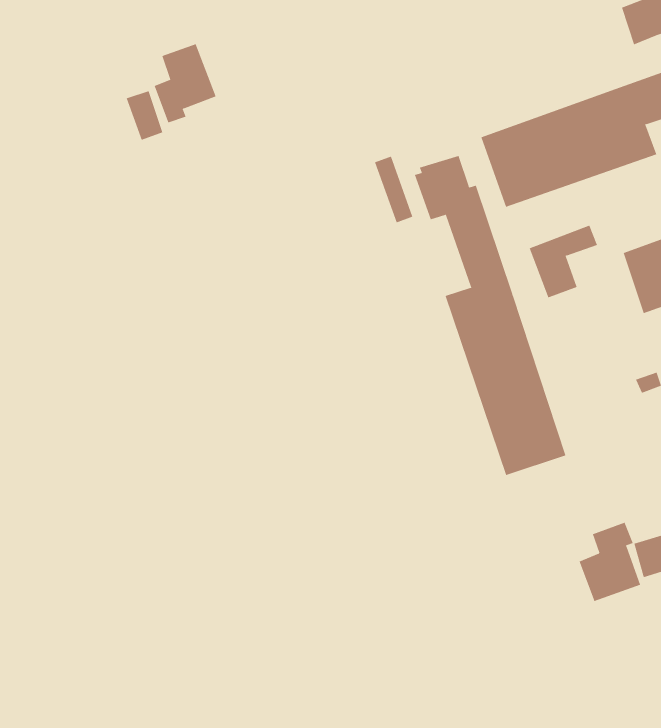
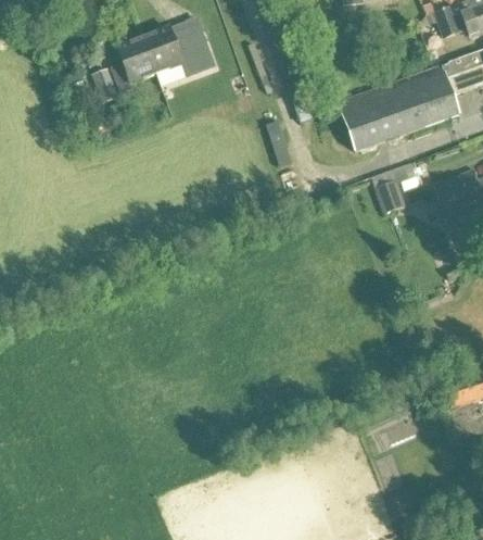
building: none -> [140,26,221,74]
building: [414,155,566,476] -> none
building: [579,522,641,602] -> none

